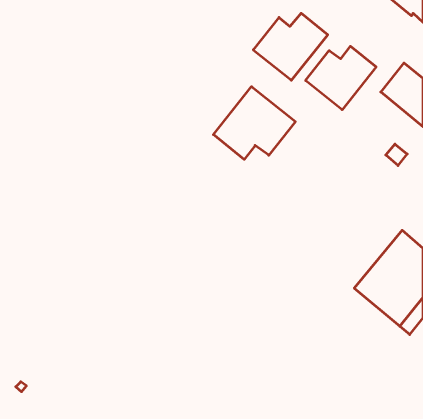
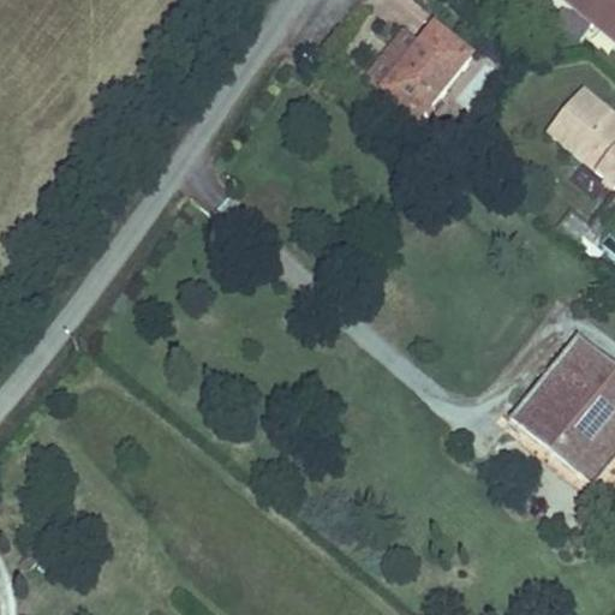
building: [306,46,376,110] -> none
building: [213,87,295,159] -> none

